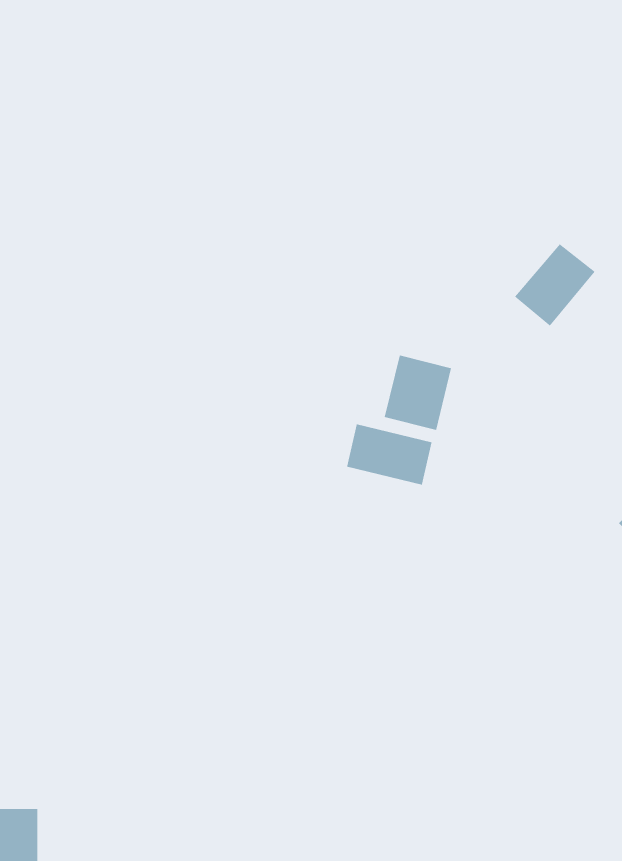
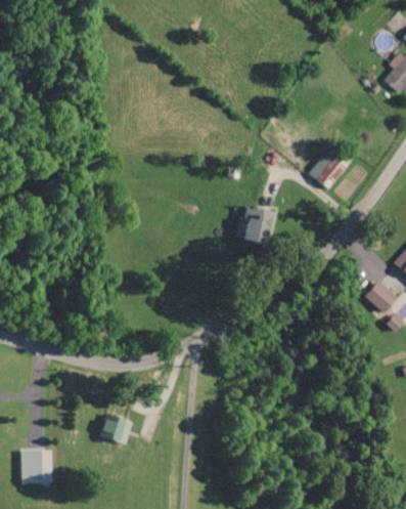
building: [346,424,432,486] -> none
building: none -> [98,413,132,444]

